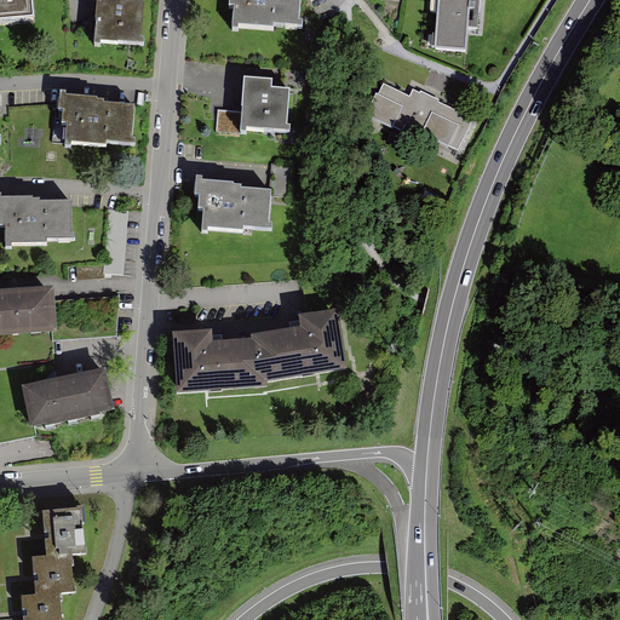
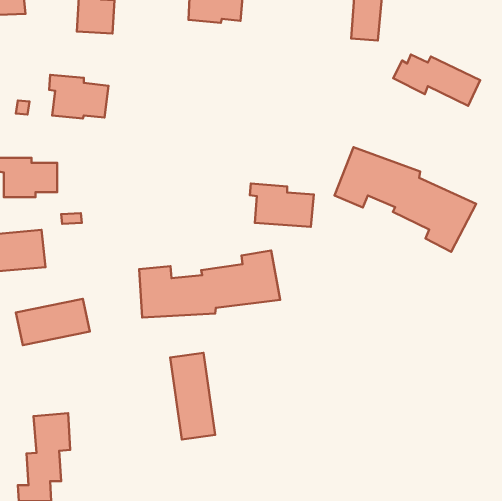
building: [218,78,286,131] -> none
building: [364,84,471,147] -> [393,55,480,106]
building: [193,177,271,230] -> [250,183,314,227]
building: none -> [334,147,476,252]
building: none -> [170,353,215,439]

